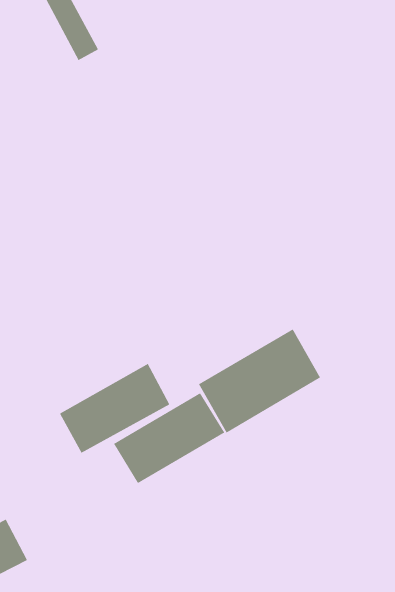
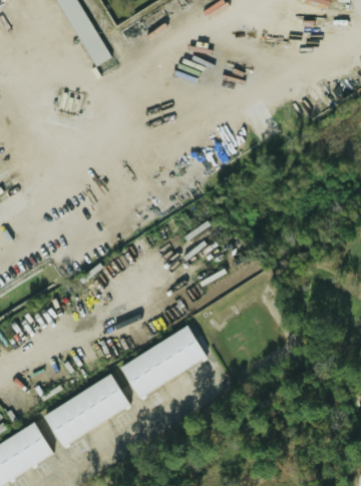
building: [198,328,321,434] -> none
building: [59,363,170,453] -> [44,375,130,445]

